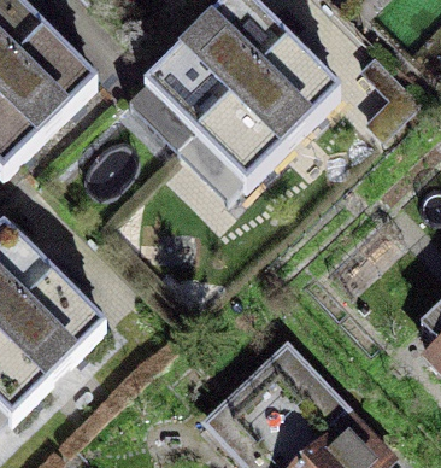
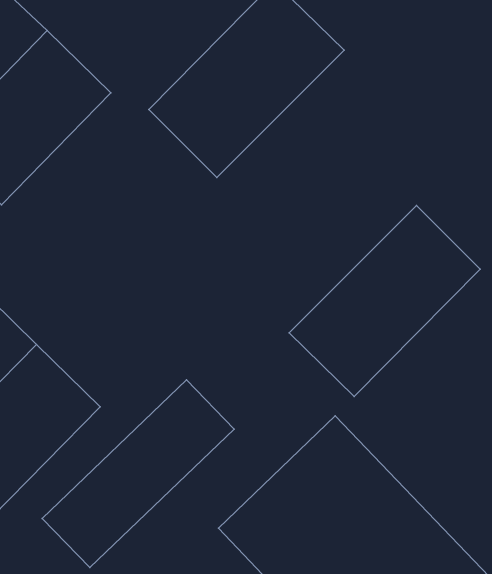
building: [187,45,339,197] -> [289,205,480,397]
building: none -> [42,380,234,568]

